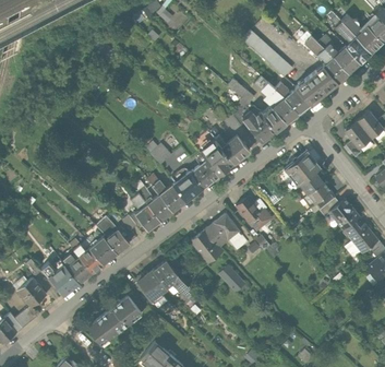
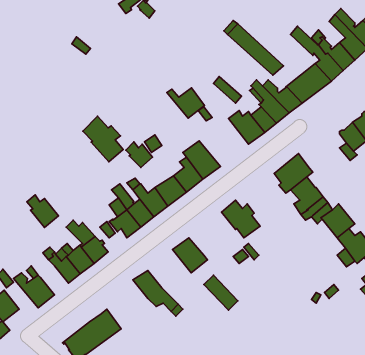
building: none -> [83,116,123,162]
building: [215,134,250,163] -> [167,88,204,118]
building: [205,214,243,246] -> none
building: [63,252,93,283] -> [27,195,58,228]
building: [135,269,168,307] -> none

